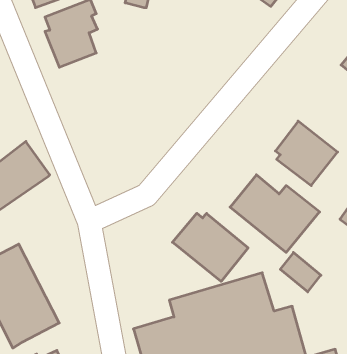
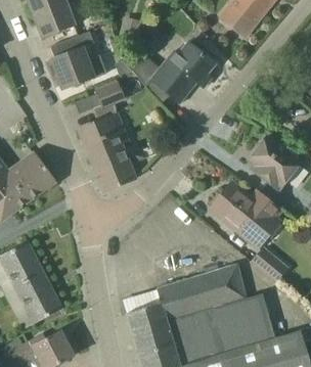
building: none -> [124,42,215,102]
building: none -> [79,81,135,191]
building: [172,213,248,281] -> none

